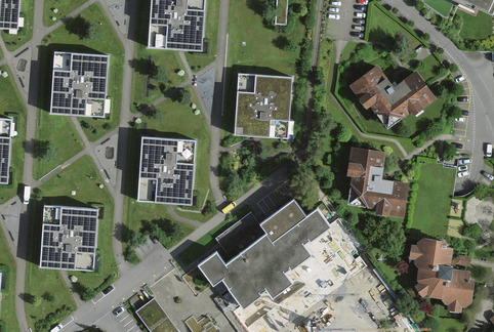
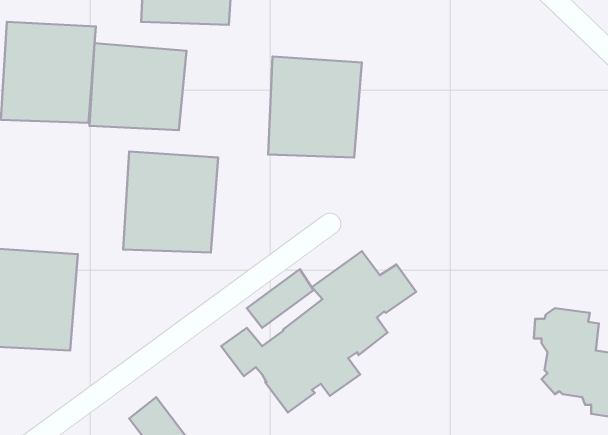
building: none -> [90,43,186,130]
building: [349,67,437,128] -> none
building: [347,148,409,218] -> none

